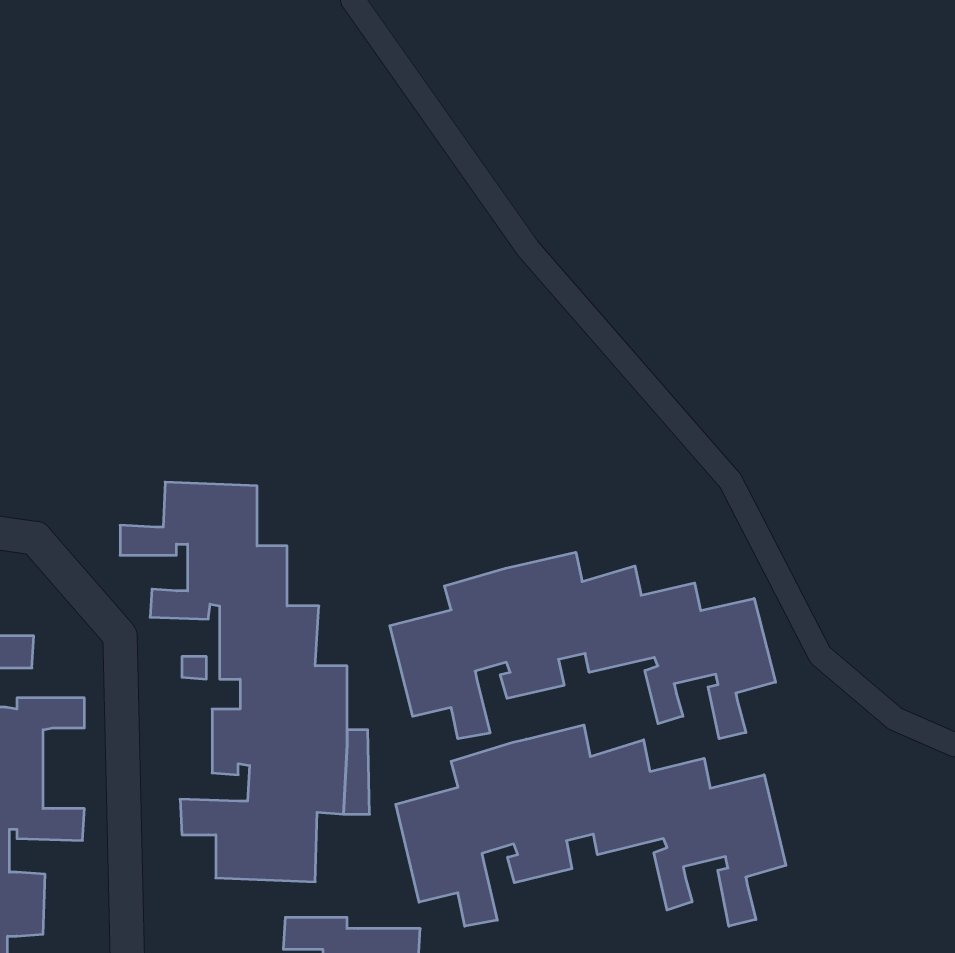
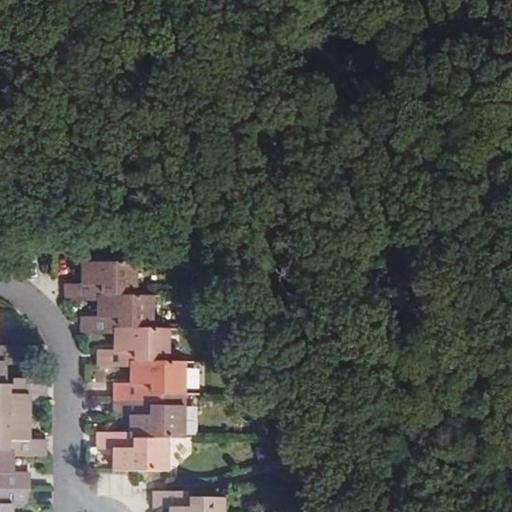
building: [390,552,776,739] -> none
building: [396,725,786,926] -> none

